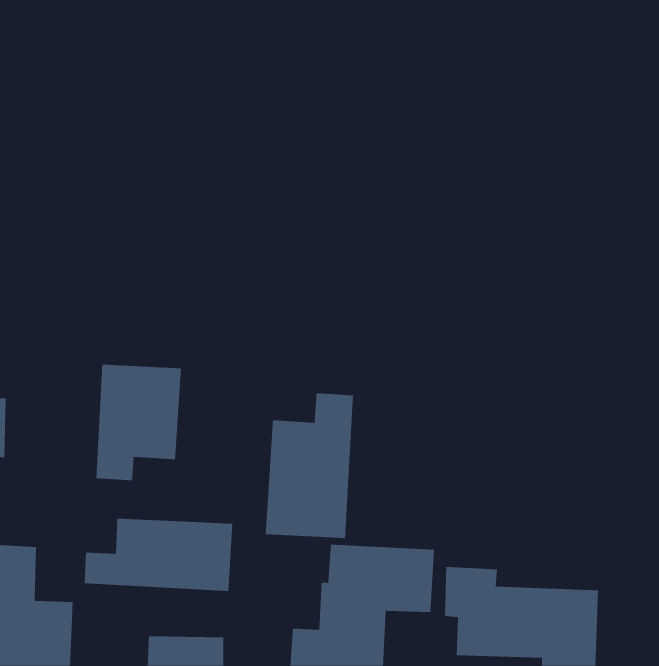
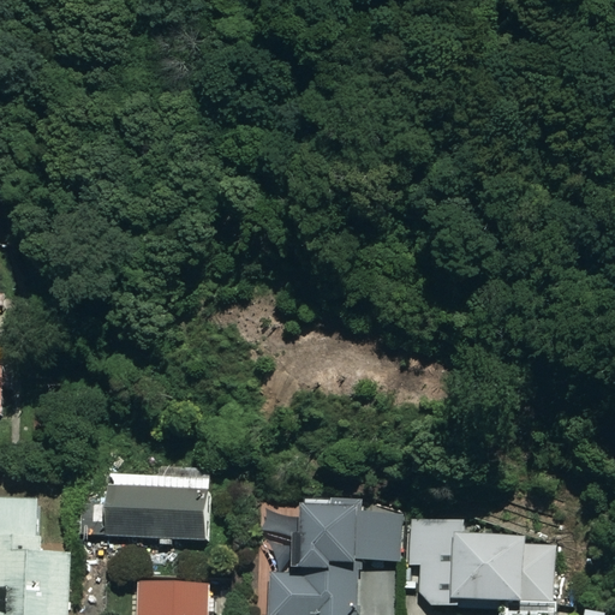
building: [96,364,182,481] -> none
building: [265,392,353,539] -> none

